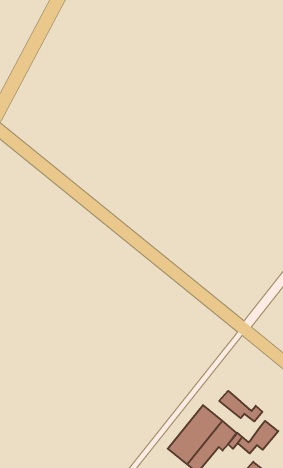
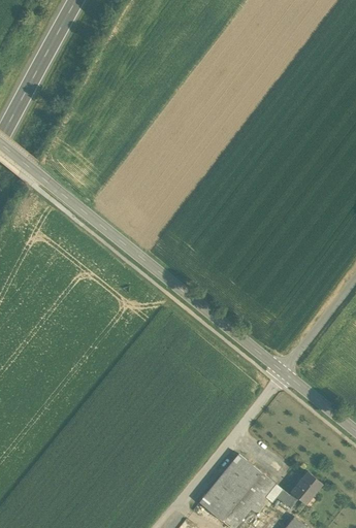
building: [219,391,262,421] -> none

